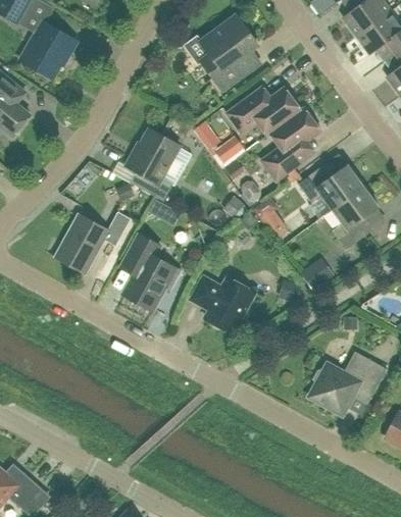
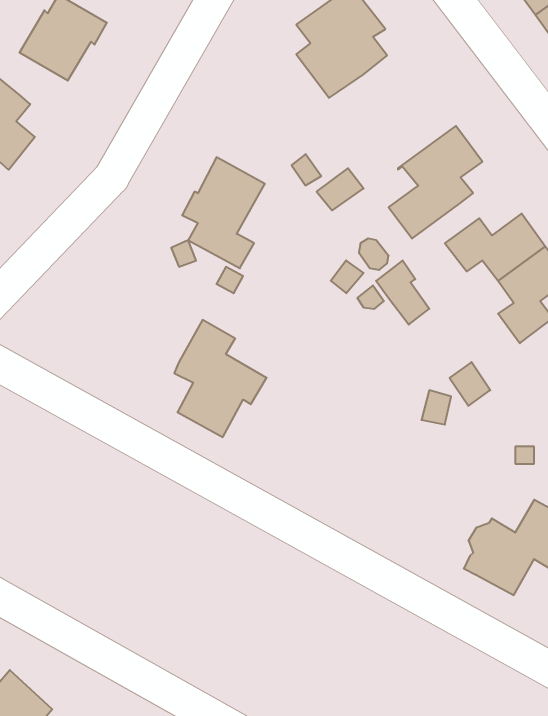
building: [227,87,305,136] -> none
building: [56,212,132,273] -> none
building: [192,277,255,333] -> none

